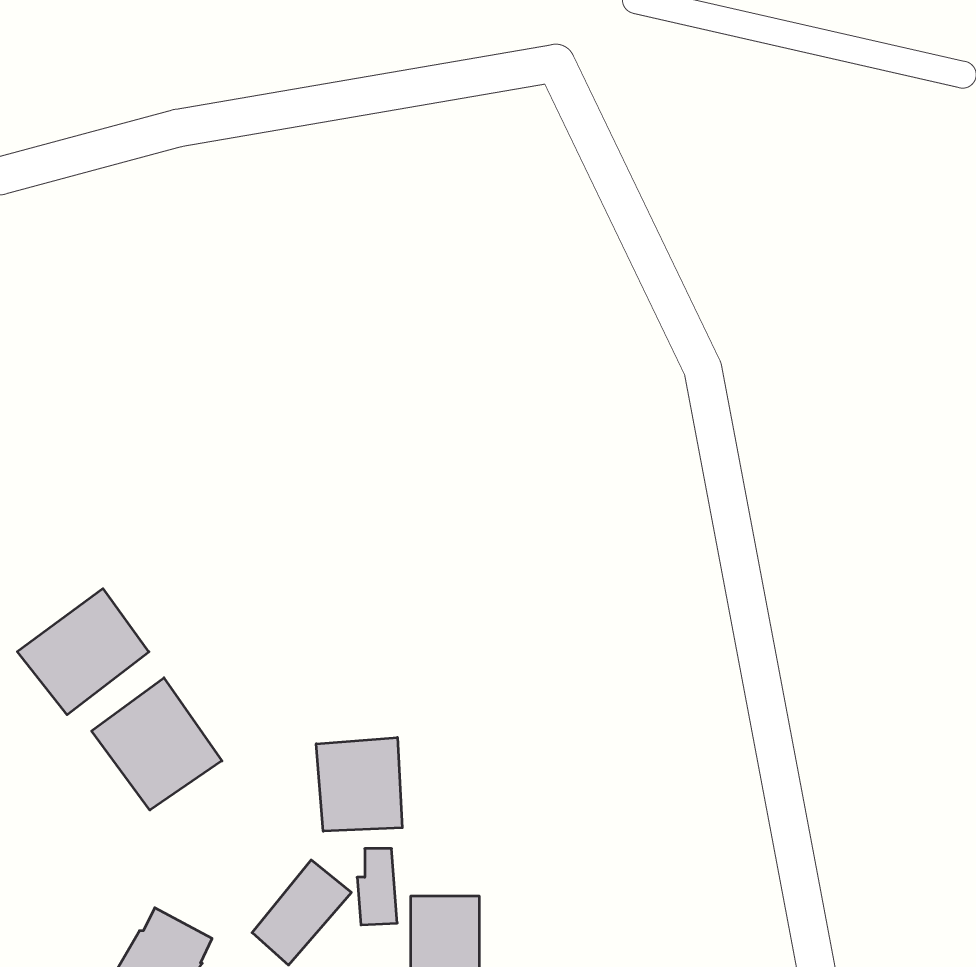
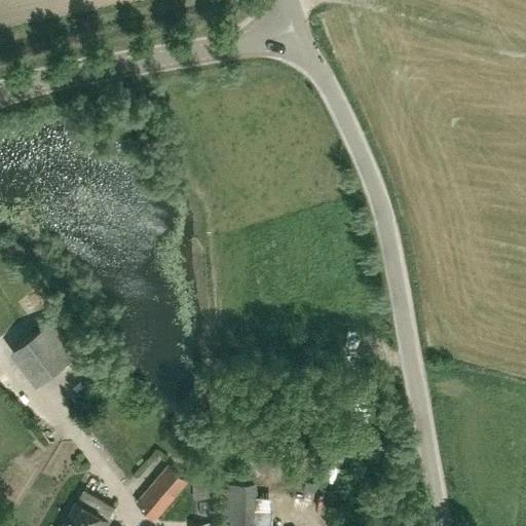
building: [92,678,222,810] -> none
building: [316,737,402,831] -> none

